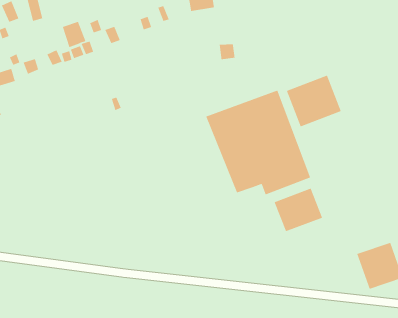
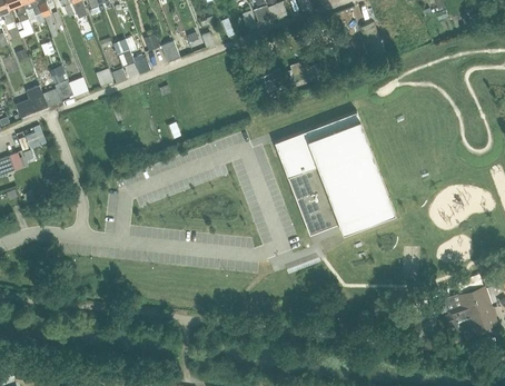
building: [286,75,342,127] -> none
building: [274,188,323,232] -> none

